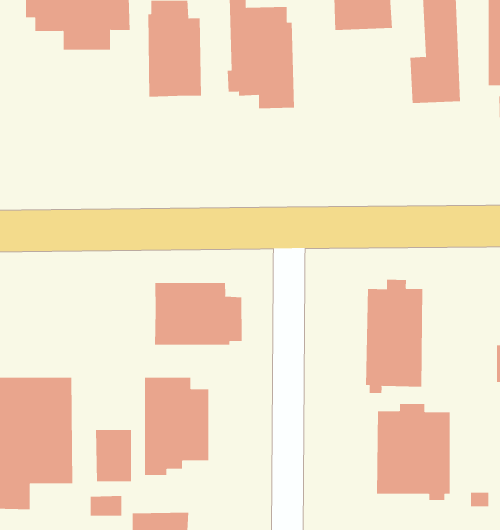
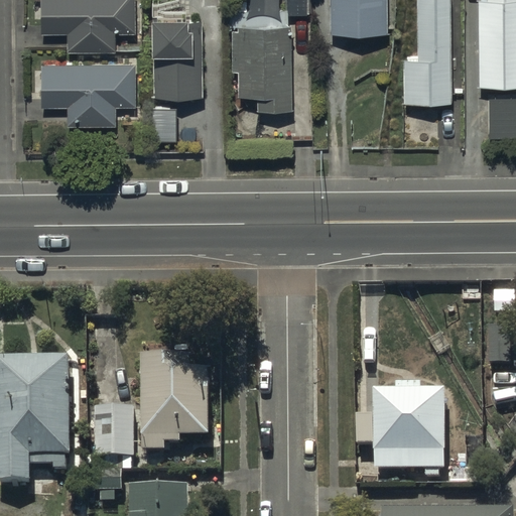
building: none -> [32,62,135,125]
building: [365,279,423,394] -> none
building: [155,282,242,346] -> none

